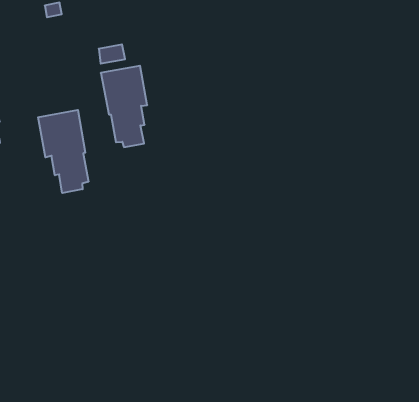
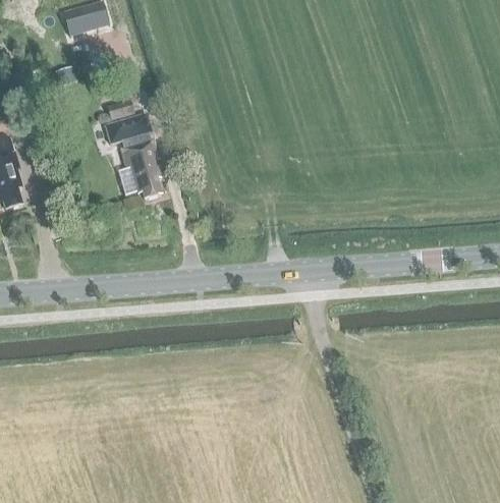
building: [38,110,88,193] -> none

